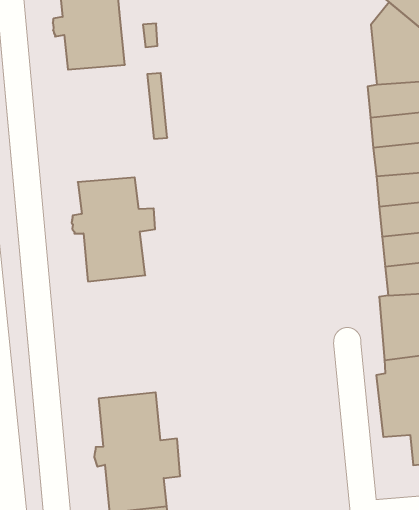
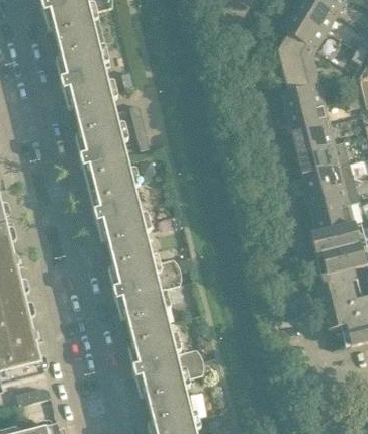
building: none -> [75,102,131,187]
building: none -> [110,243,171,332]

